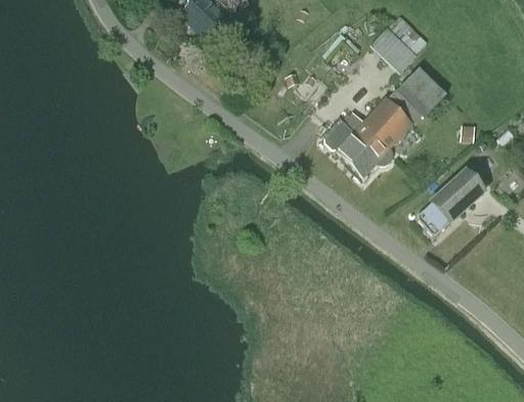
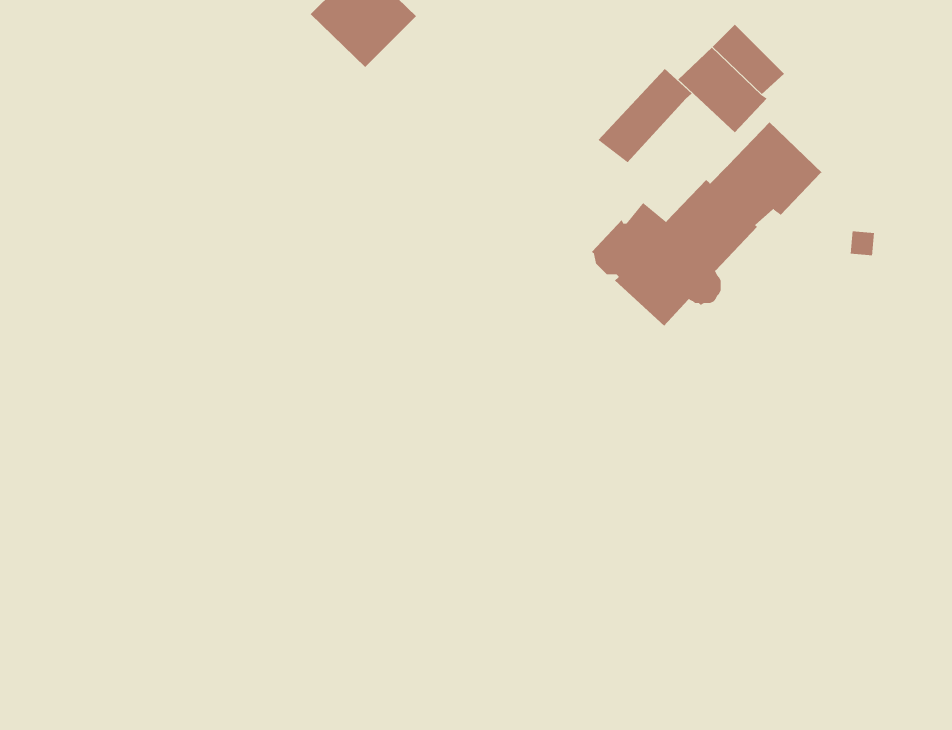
building: none -> [598,68,693,163]
building: [416,172,483,236] -> none

